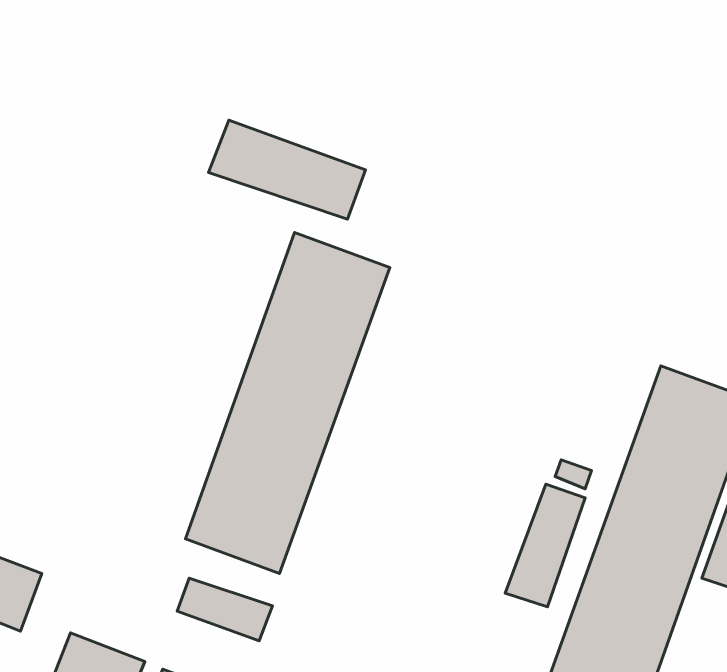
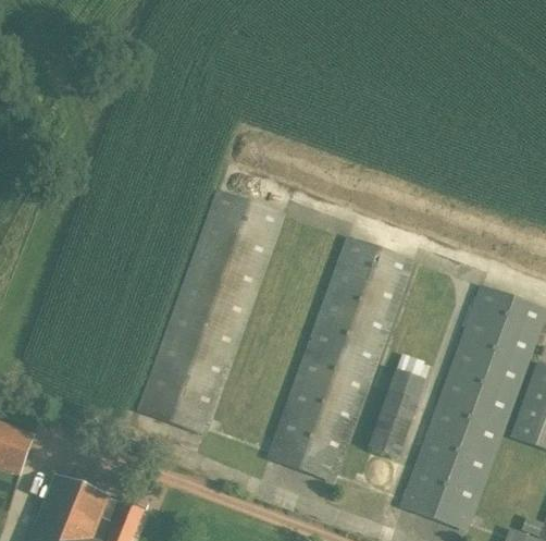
building: [209,120,365,219] -> none
building: none -> [268,236,413,482]
building: [177,578,273,641] -> none

